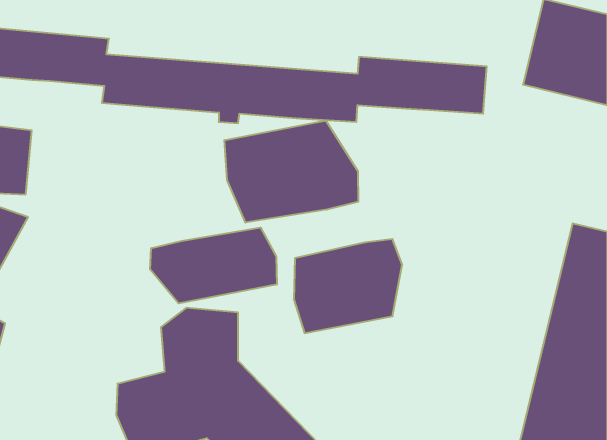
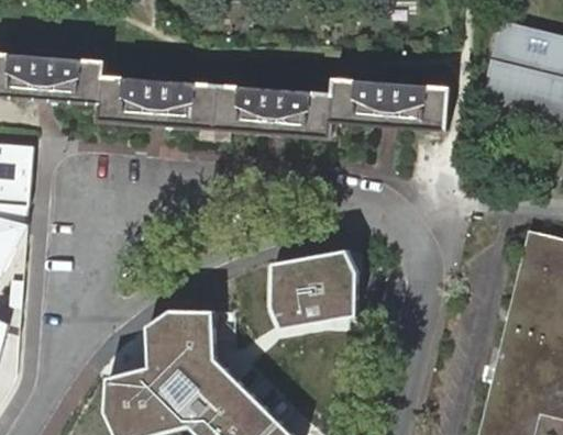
building: [224,121,358,223] -> none
building: [150,228,277,303] -> none

